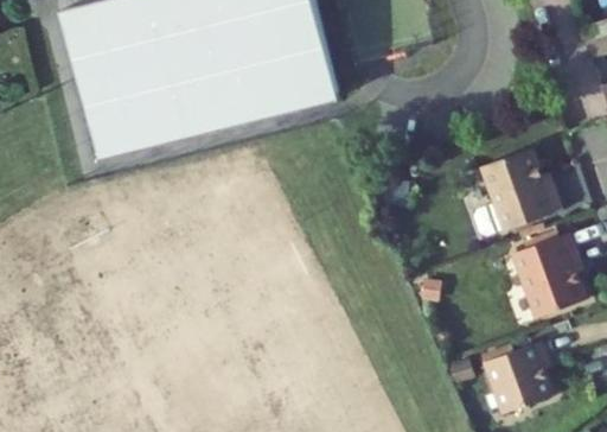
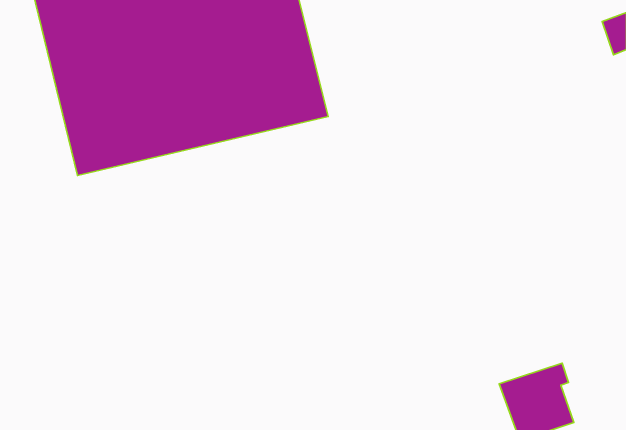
building: [485,146,566,228] -> none
building: [516,229,589,315] -> none

